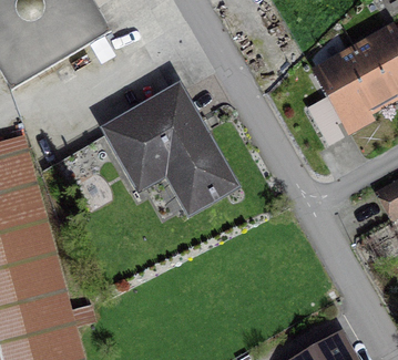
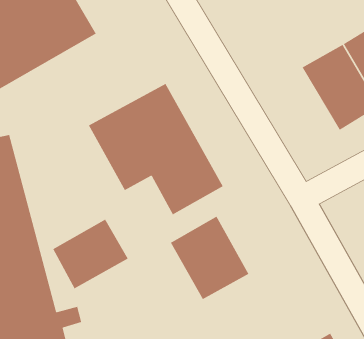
building: none -> [170,215,250,300]
building: none -> [52,219,129,289]

